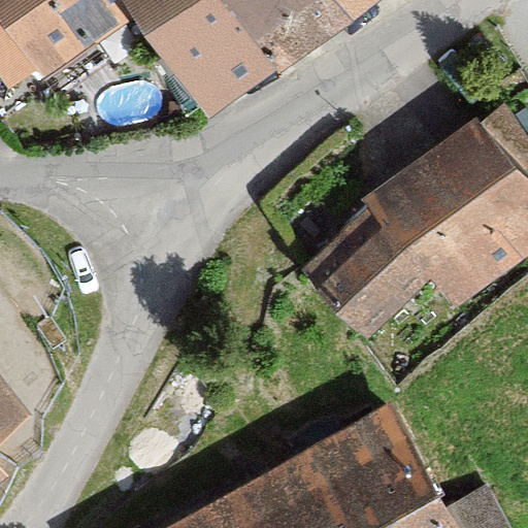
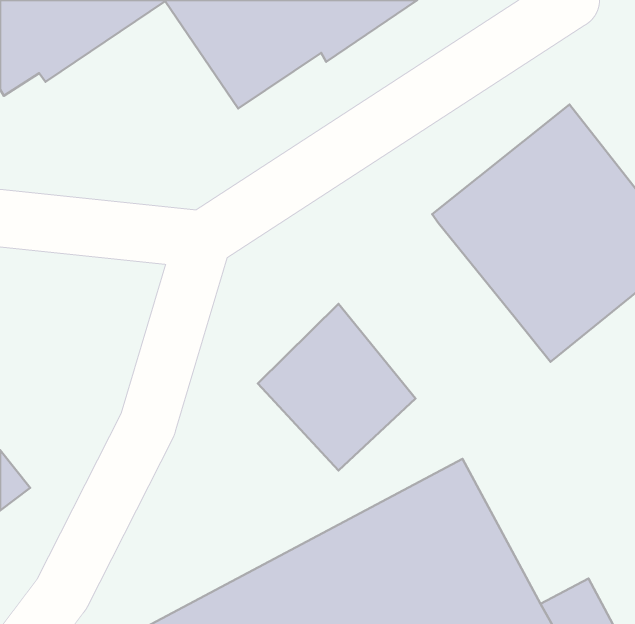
building: [300,199,429,335] -> [258,304,415,470]

